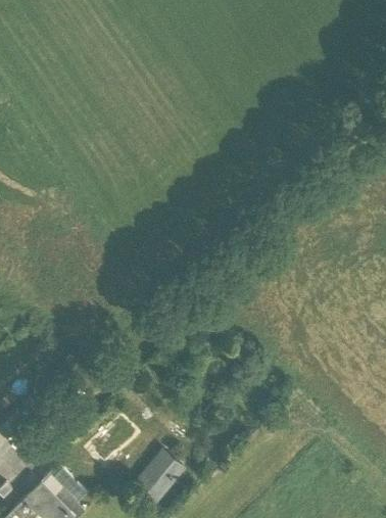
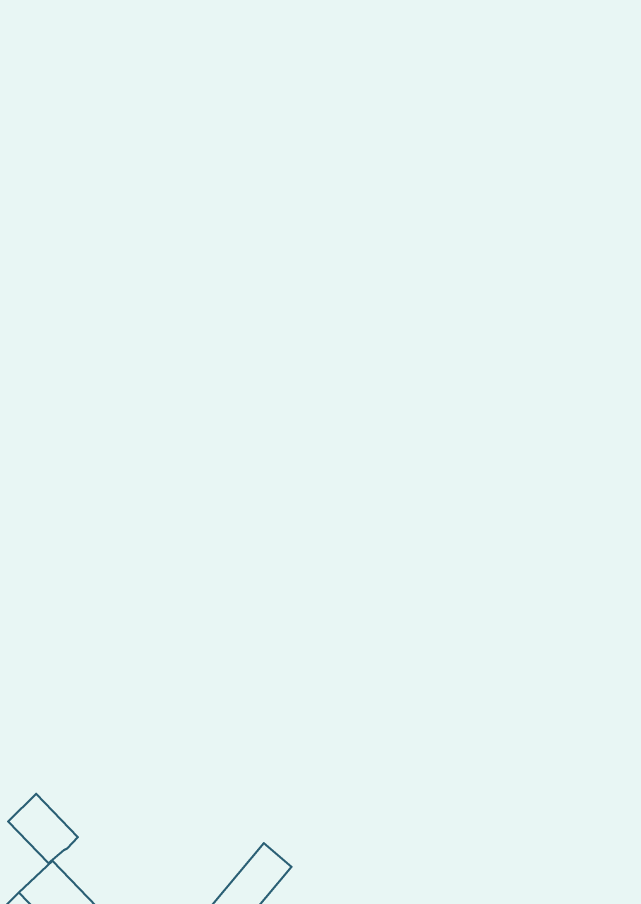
building: none -> [8,794,78,863]

